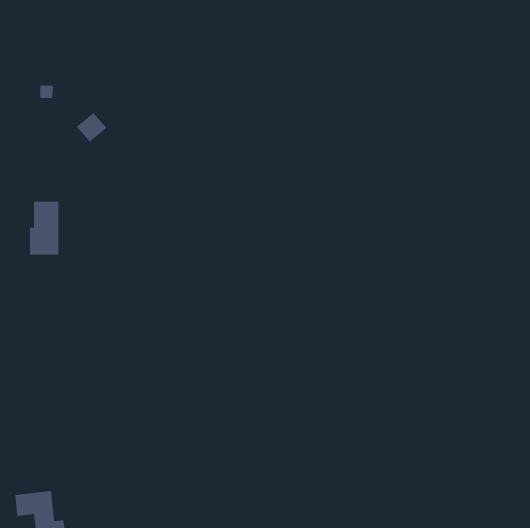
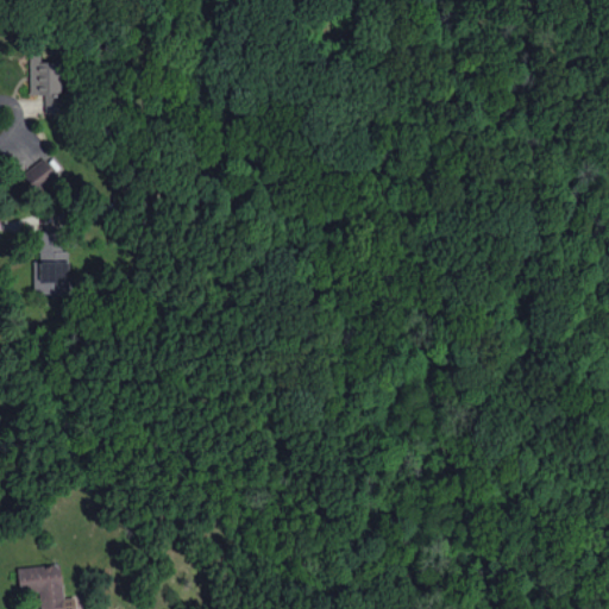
building: none -> [30,56,61,96]
building: [76,112,107,142] -> [23,159,58,194]

